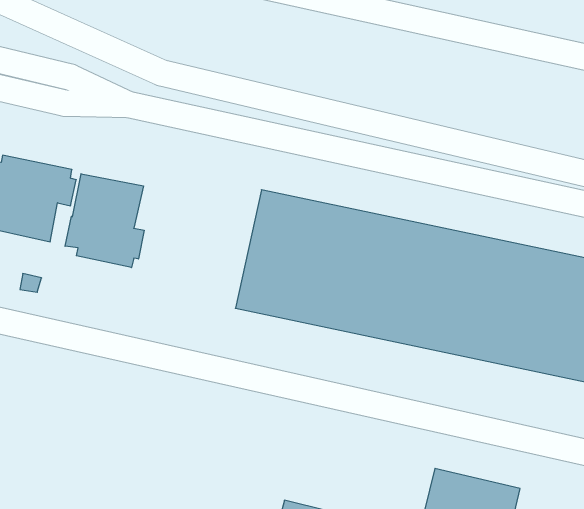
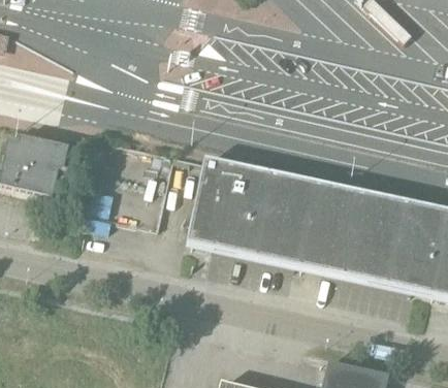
building: [65,174,144,268] -> none

